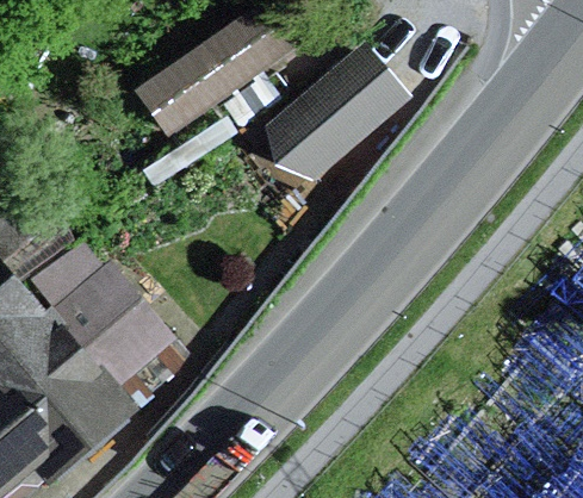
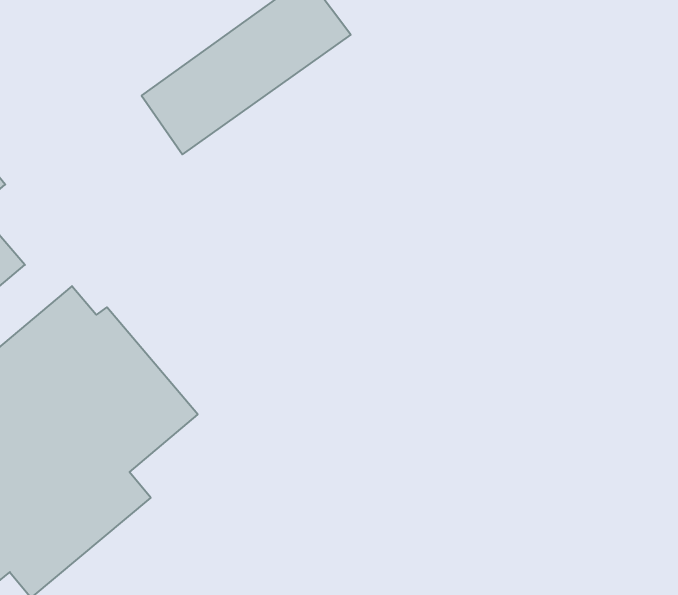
building: [261,45,404,183] -> none

